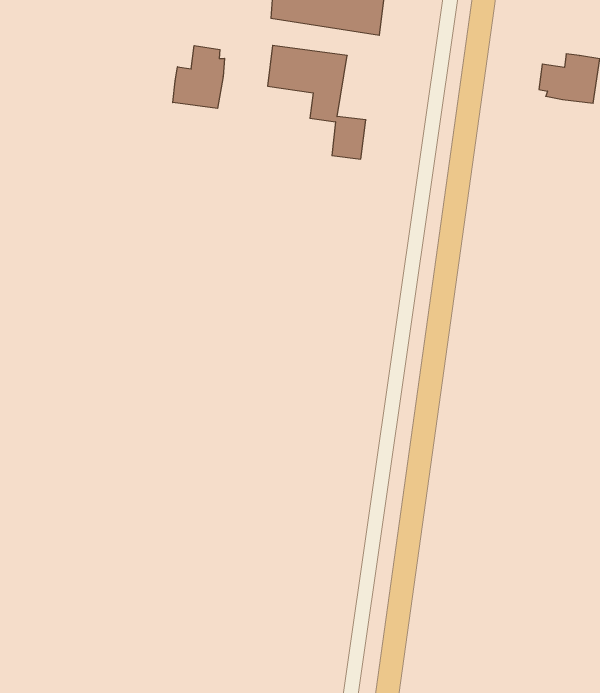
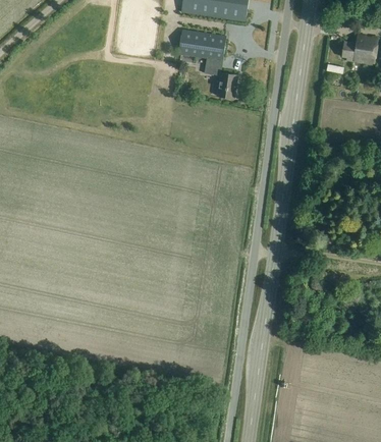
building: [173,46,225,108] -> none

